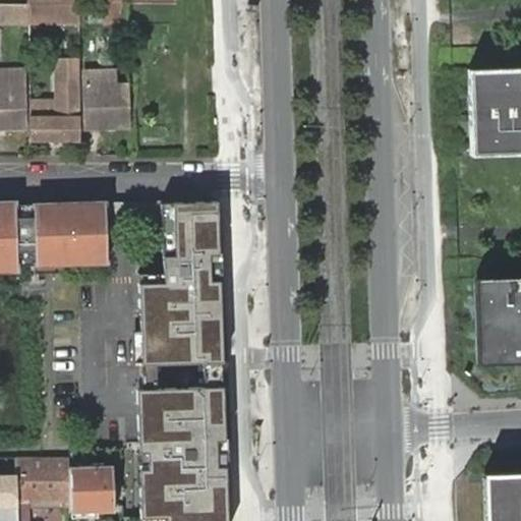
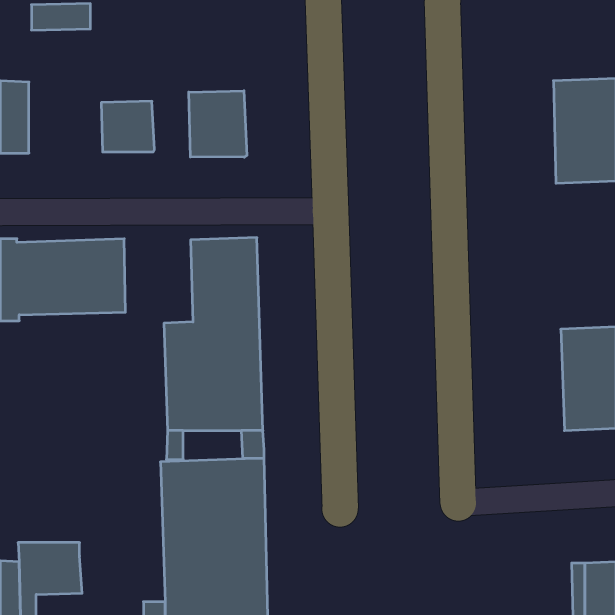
building: [30,61,80,140] -> none
building: none -> [189,91,247,157]
building: [68,468,114,515] -> none

